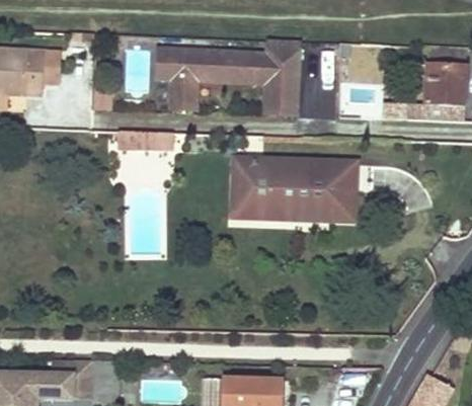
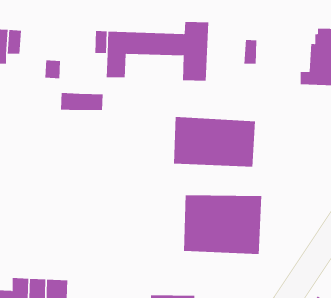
building: [229,156,254,216] -> none
building: none -> [184,194,262,255]

